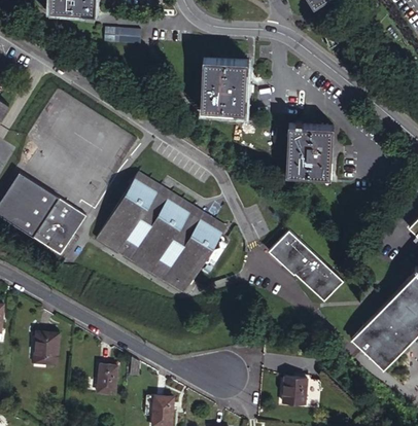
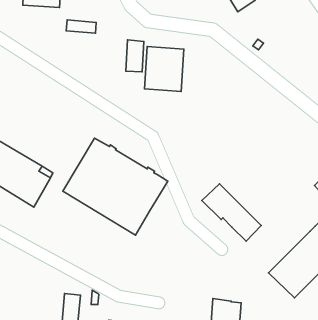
building: none -> [126,40,144,72]
building: [285,127,332,182] -> none
building: [28,329,51,365] -> none

